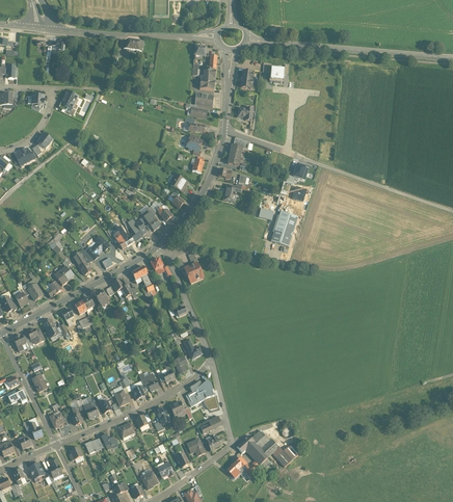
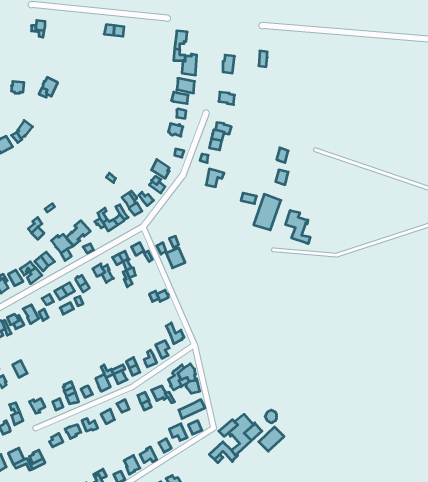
building: none -> [286,210,310,244]

